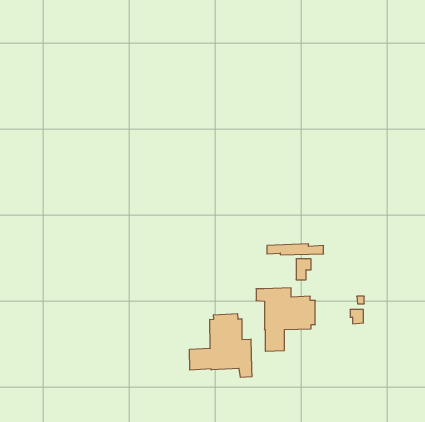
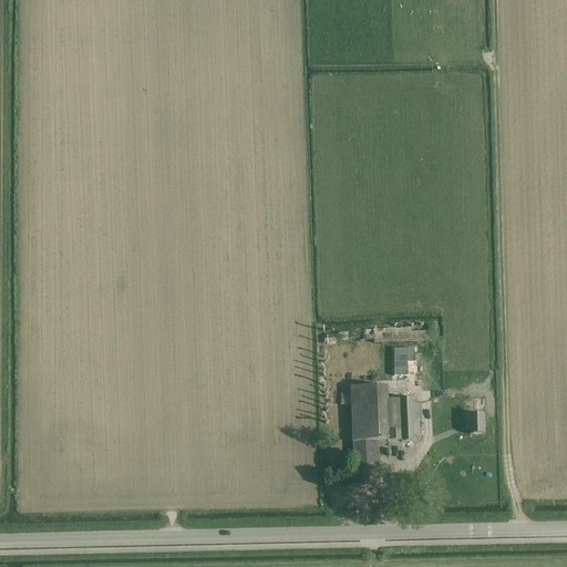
building: [190,314,252,377] -> none

